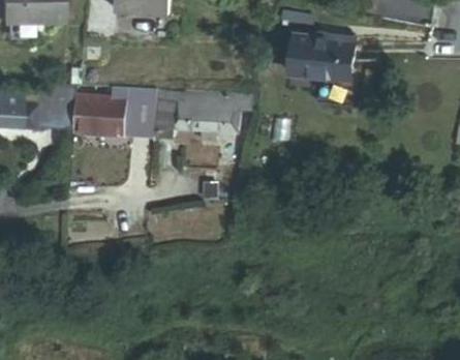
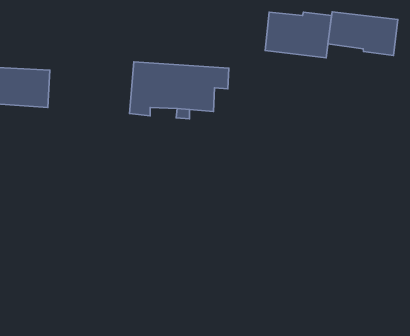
building: none -> [328,12,398,55]
building: [73,85,157,137] -> none

